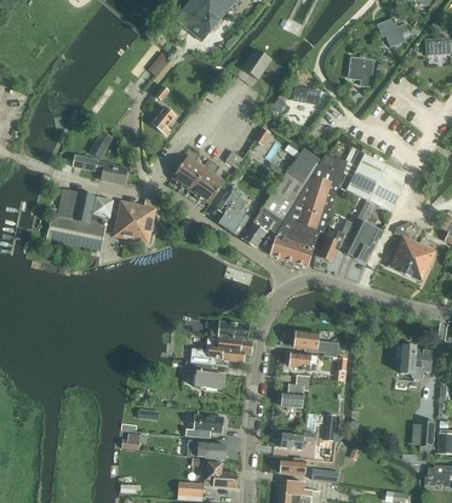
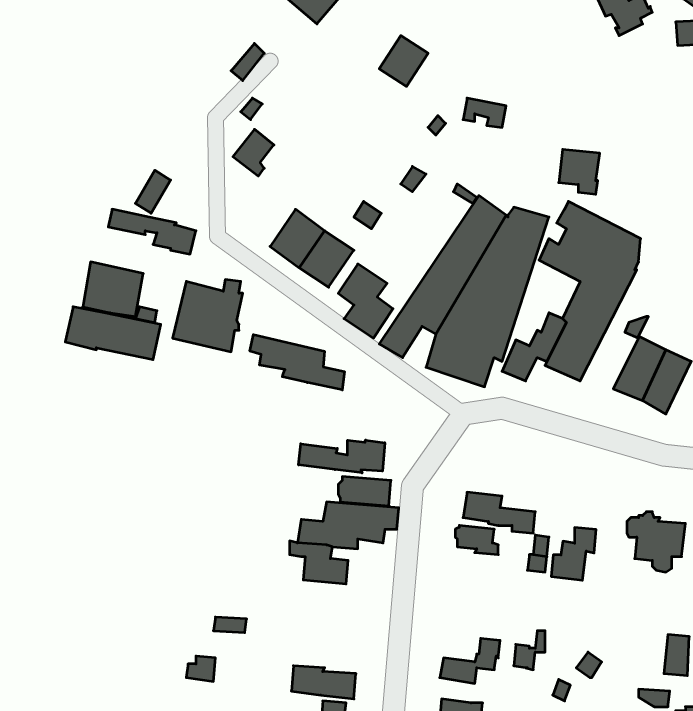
building: [348,58,373,86] -> [559,149,600,194]
building: none -> [250,335,344,390]
building: none -> [299,440,385,473]
building: [281,375,309,407] -> [551,528,596,580]
building: [185,413,223,436] -> none

